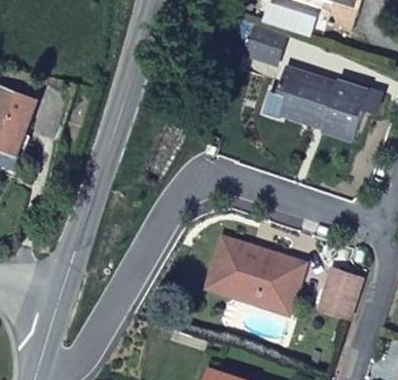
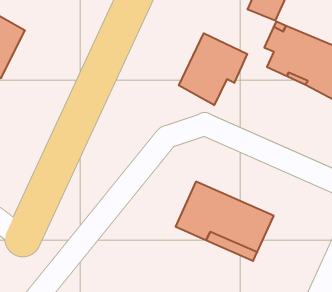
building: none -> [179,33,247,105]
building: [319,268,363,318] -> none

